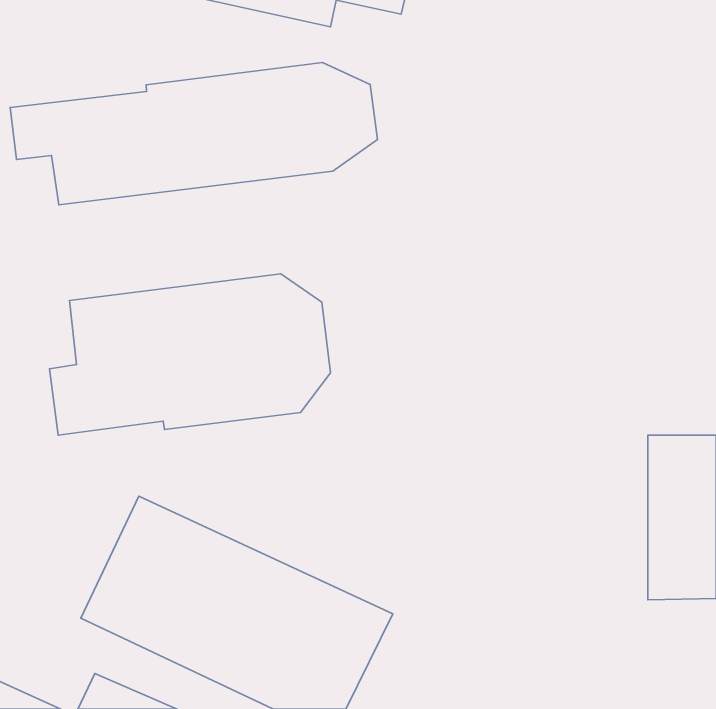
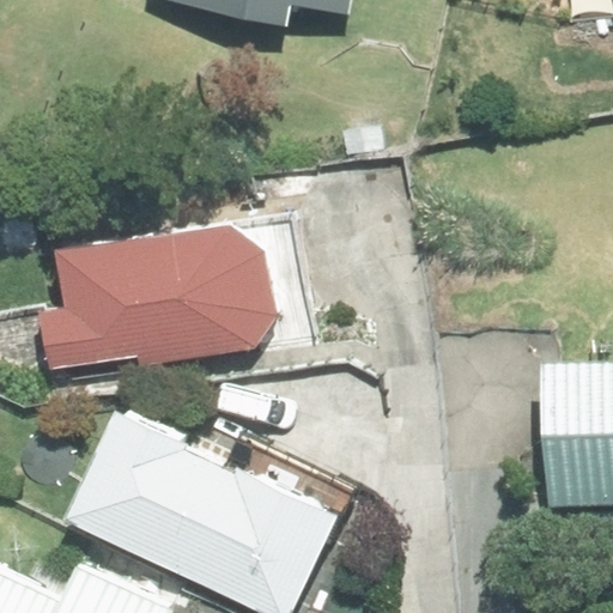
building: [10,63,378,205] -> none

